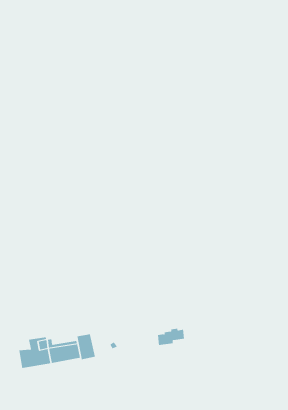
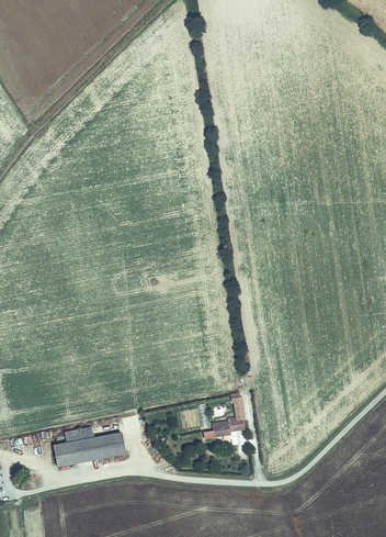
building: [77,333,96,360] -> none

